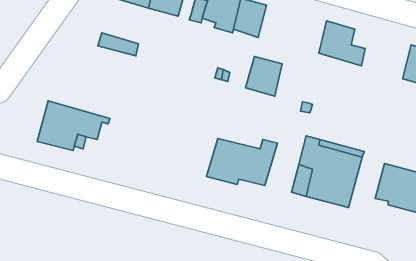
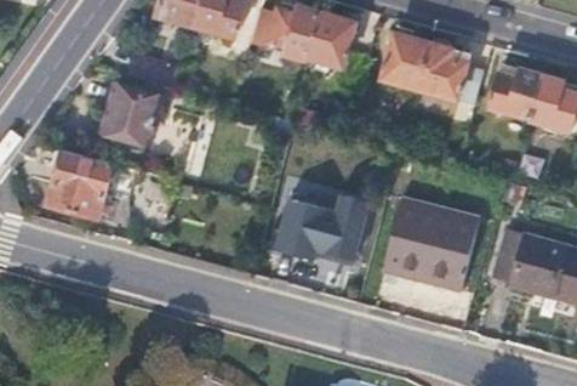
building: none -> [492,68,542,118]
building: none -> [104,85,160,142]
building: [245,57,282,96] -> [382,33,430,85]

